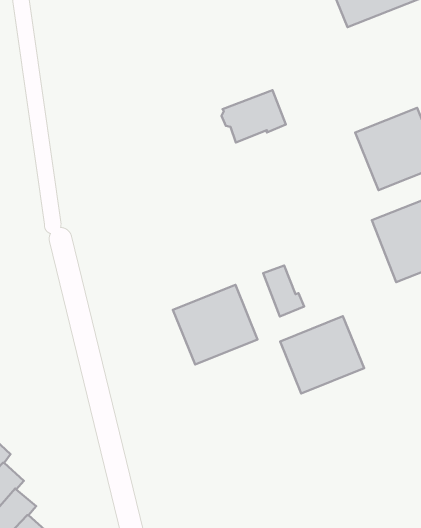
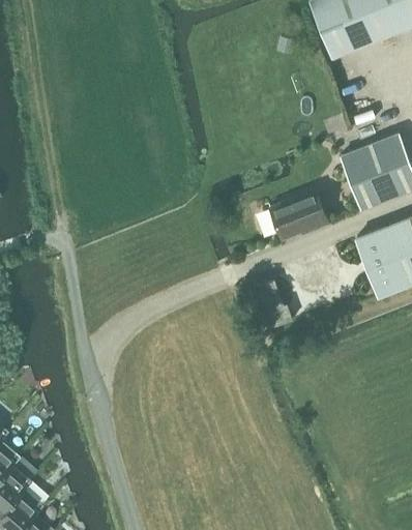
building: [222,90,286,142] -> [269,190,329,239]
building: [173,285,258,364] -> none
building: [280,316,364,393] -> none

